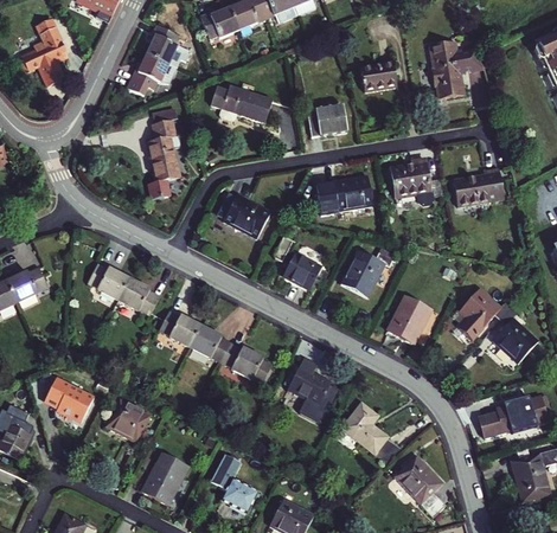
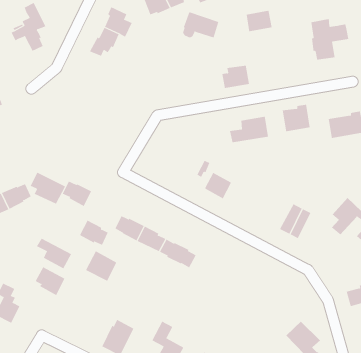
building: [359,63,396,92] -> [246,10,273,32]
building: [219,86,270,123] -> [182,11,219,38]
building: [146,121,178,182] -> none
building: [217,192,270,237] -> none
building: [340,249,393,297] -> none
building: none -> [30,172,66,205]
building: [119,278,159,314] -> [79,220,109,246]
building: none -> [36,238,72,269]
building: [288,359,332,413] -> none
building: [105,399,149,442] -> [85,250,117,281]
building: [342,403,403,464] -> none

